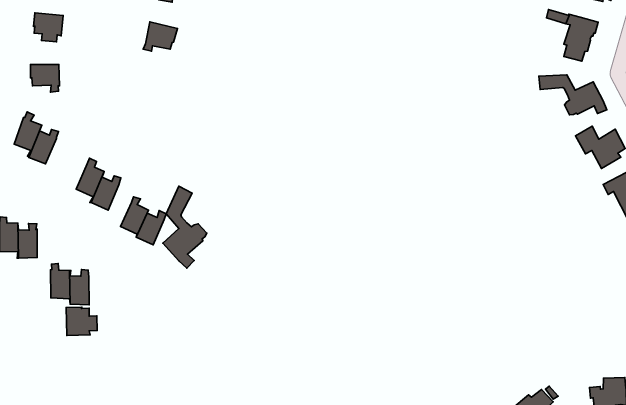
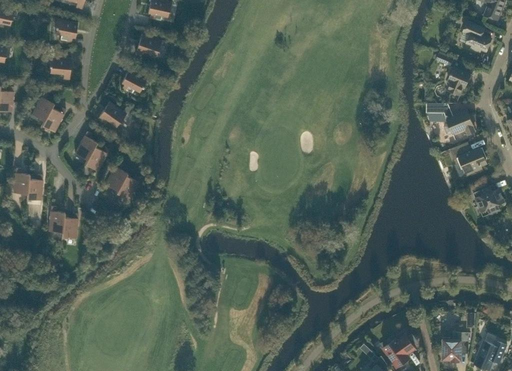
building: none -> [120,70,146,94]
building: none -> [96,102,125,127]
building: [163,186,207,268] -> none
building: [66,307,97,335] -> none

